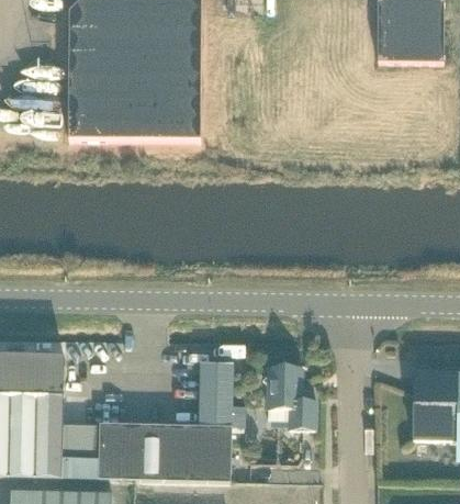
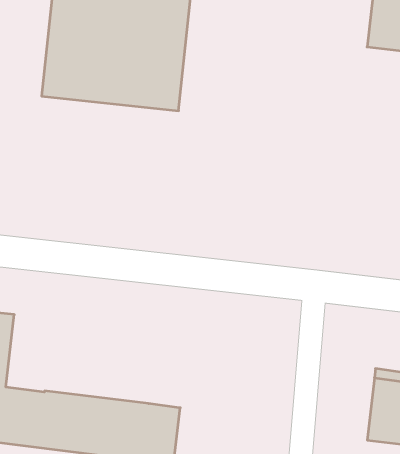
building: [260,359,315,427] -> none
building: [200,360,233,425] -> none

